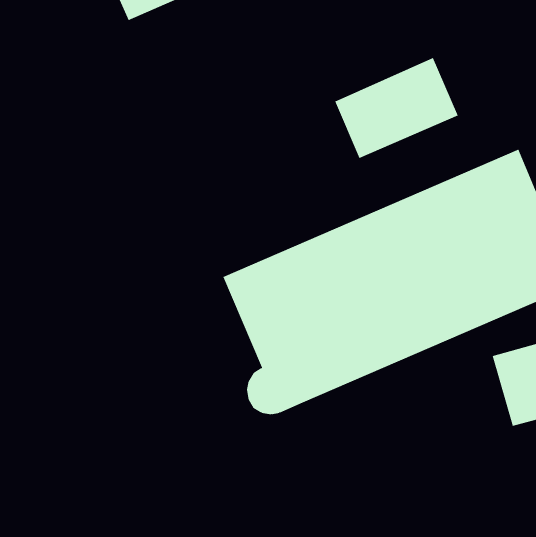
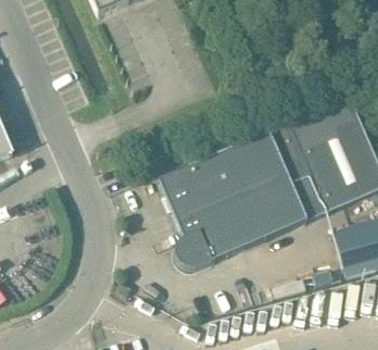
building: [335,57,459,159] -> none

